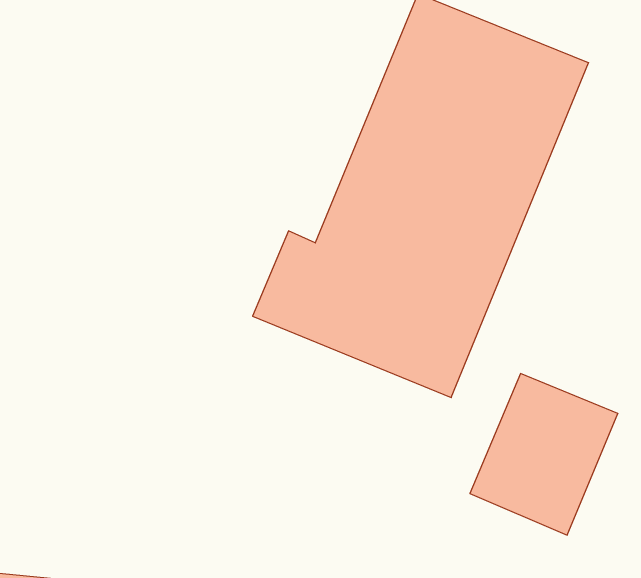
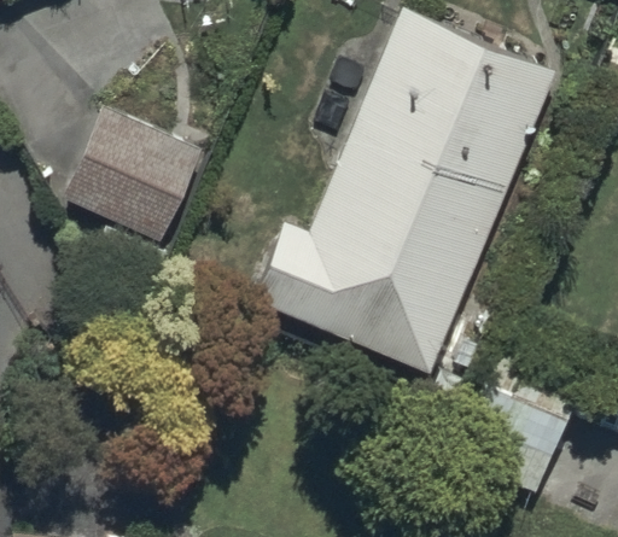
building: none -> [63,107,203,243]

